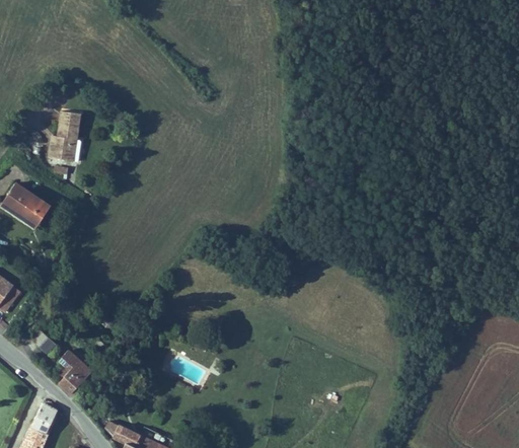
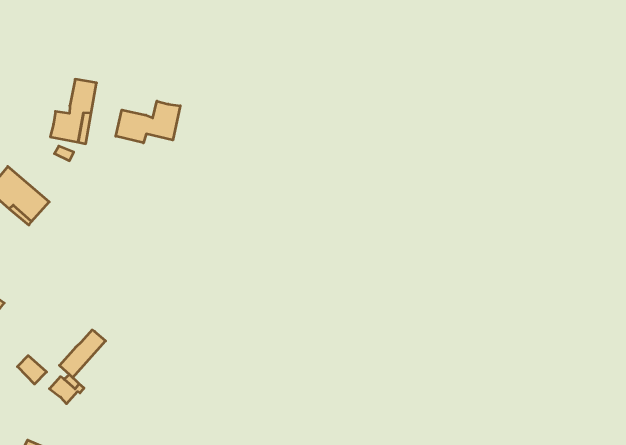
building: none -> [116,101,180,143]
building: [54,360,89,398] -> [59,330,106,378]

